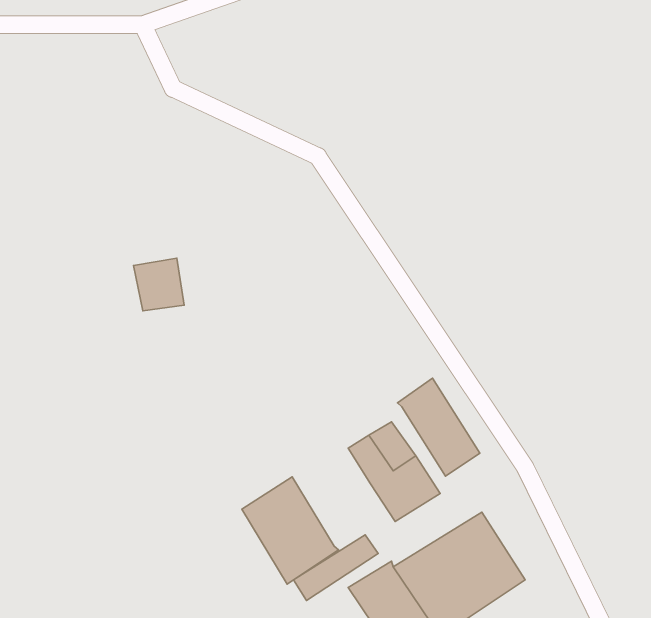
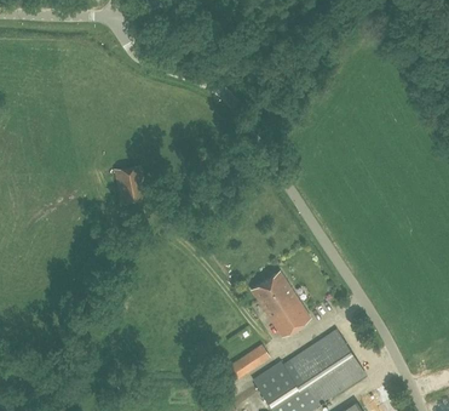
building: [398,378,480,476] -> none
building: [242,477,339,584] -> none

